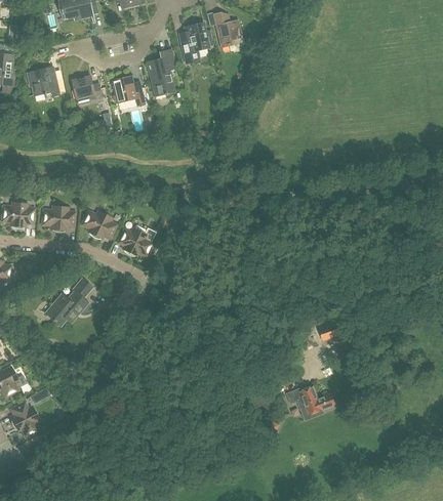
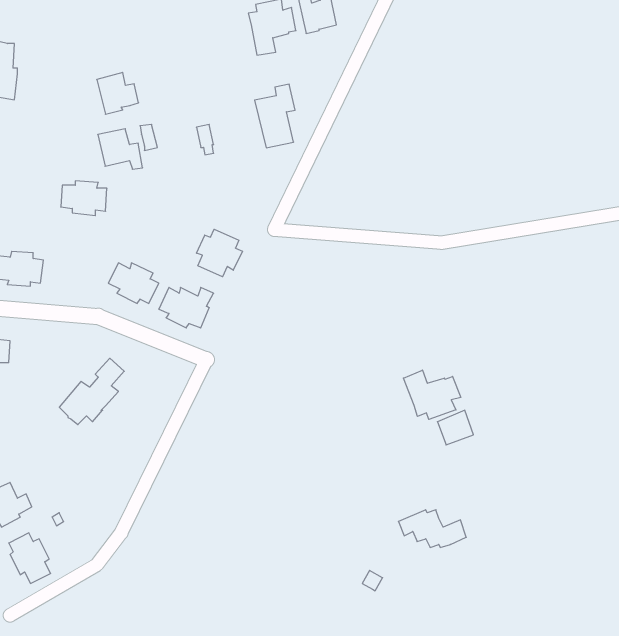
building: [147,50,175,95] -> [255,84,295,148]
building: [27,68,59,95] -> none
building: [112,76,144,105] -> [98,129,143,169]
building: none -> [197,229,242,277]
building: [41,206,74,231] -> [61,181,107,216]
building: none -> [403,370,461,419]

